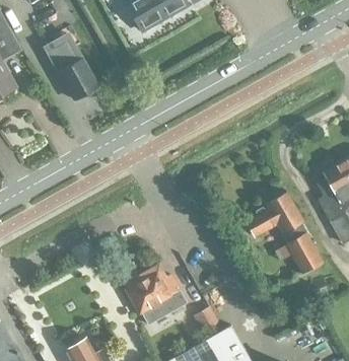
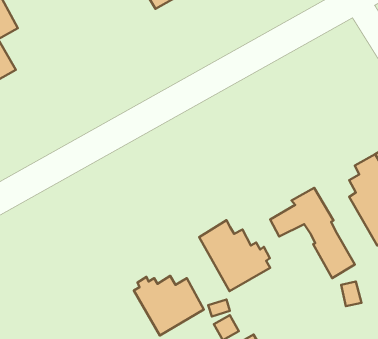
building: [47,37,99,100] -> none
building: none -> [199,220,270,291]

